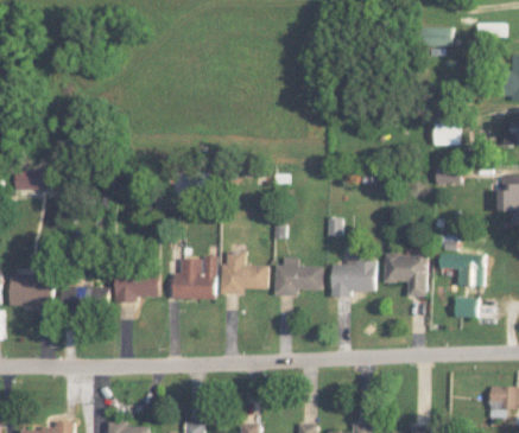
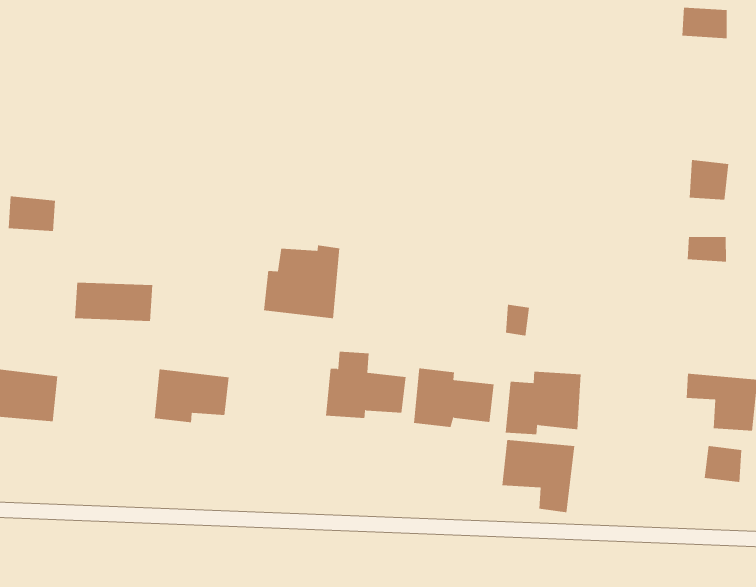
building: [384,254,428,297] -> [502,440,575,513]
building: [171,255,216,300] -> [263,245,340,319]
building: [59,287,107,311] -> [74,282,153,321]

